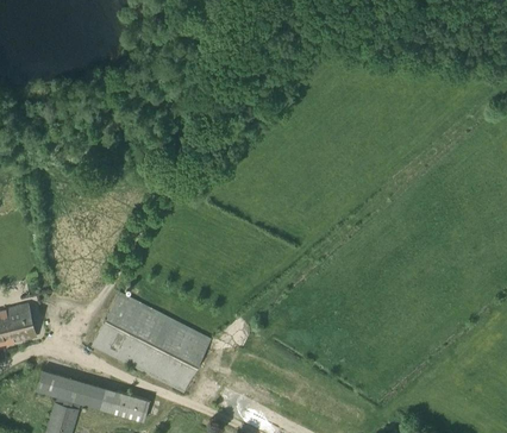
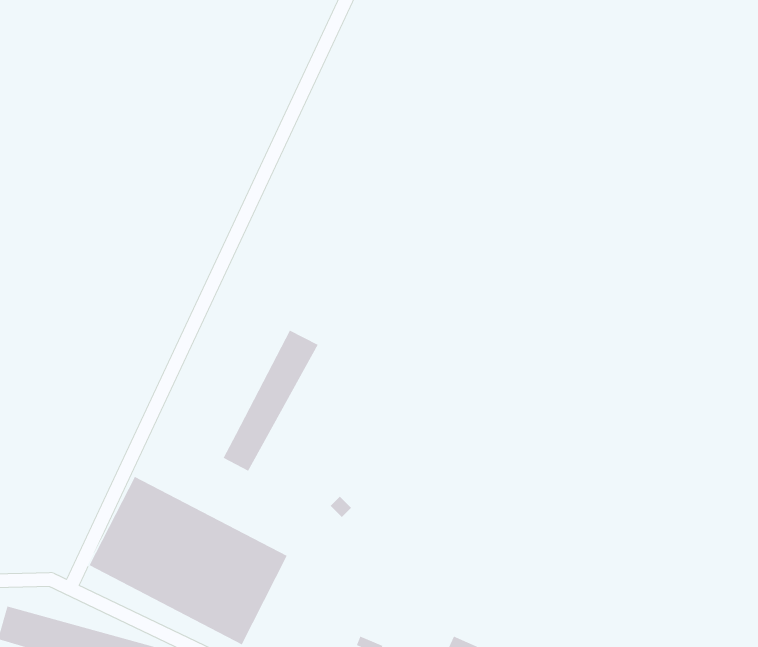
building: none -> [223,330,319,472]

